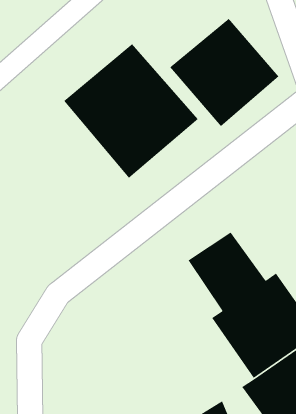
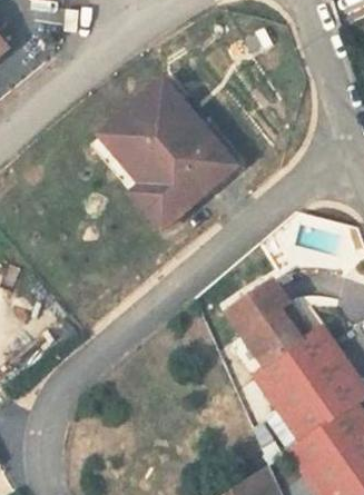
building: [169,18,280,127] -> none

